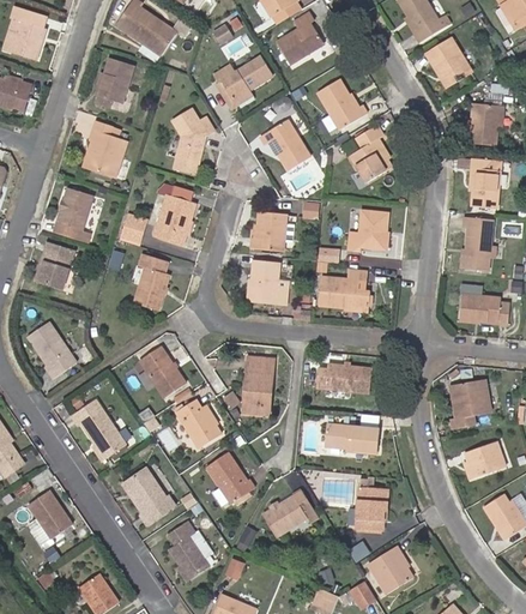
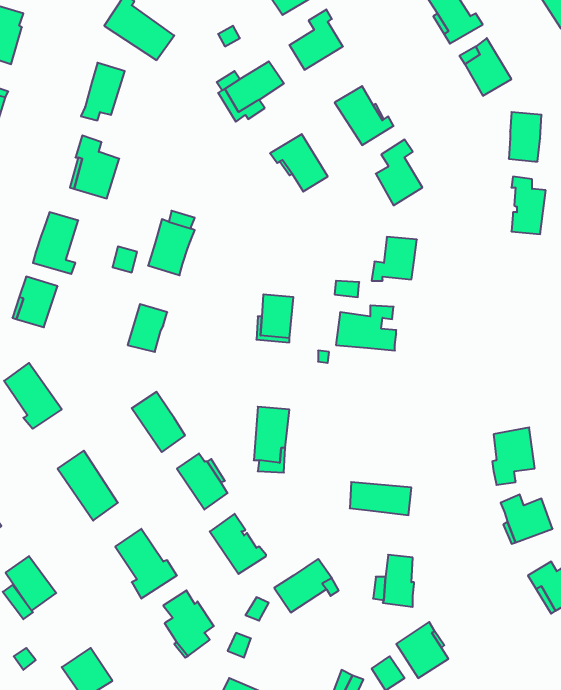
building: [170,108,213,170] -> none
building: [250,211,285,251] -> none
building: [462,217,492,271] -> none
building: [458,294,508,326] -> none
building: [318,366,374,393] -> none

